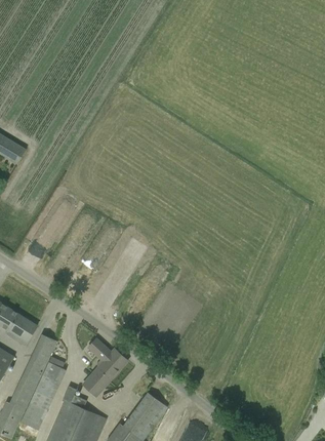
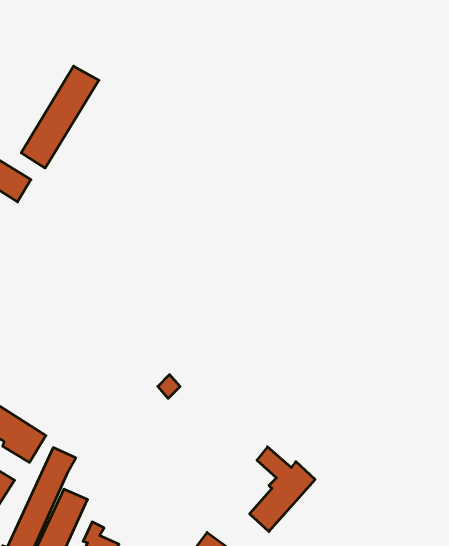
building: none -> [21,66,99,168]
building: [83,338,128,397] -> [250,447,315,532]

